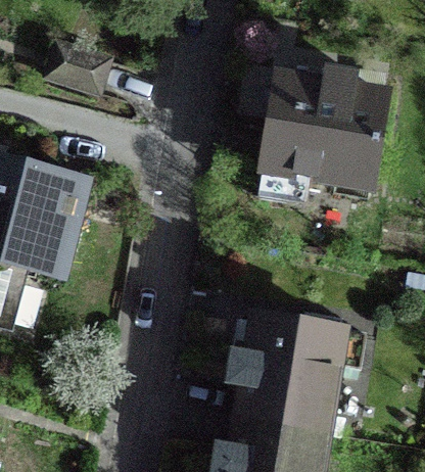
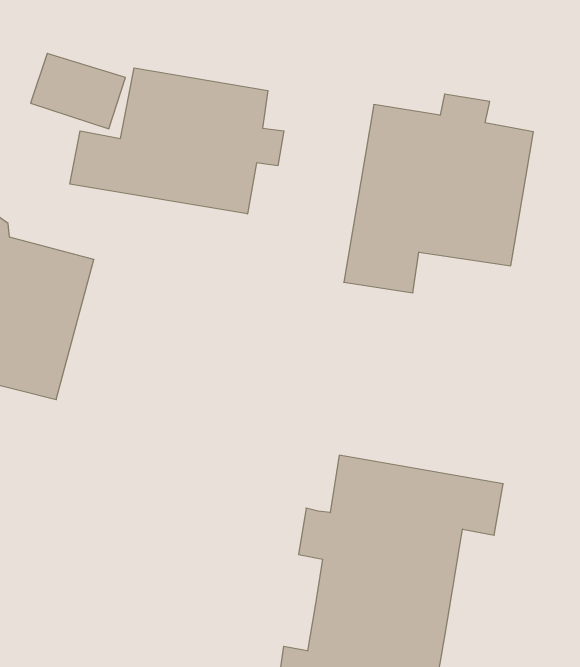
building: none -> [70,68,284,214]

